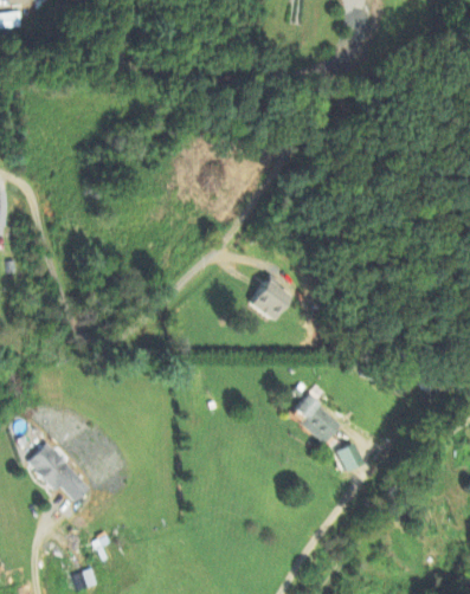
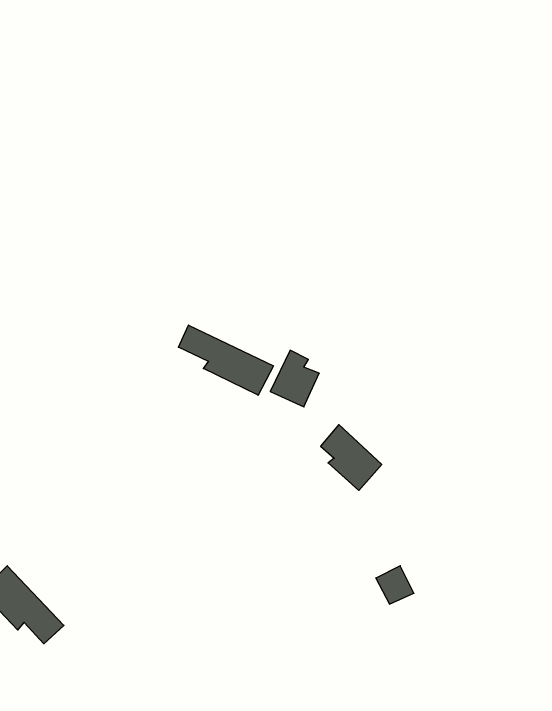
building: none -> [178,325,273,395]
building: [292,393,340,444] -> [321,425,382,490]

